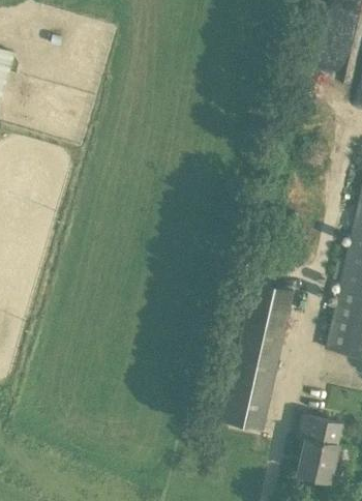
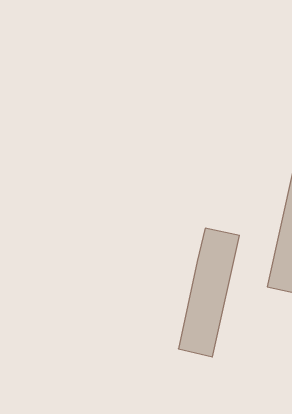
building: [298,417,341,482] -> none

